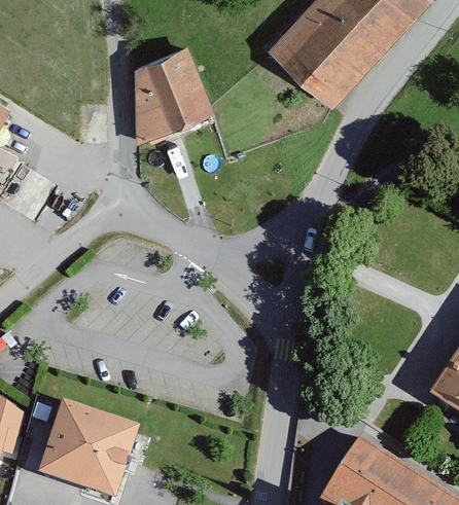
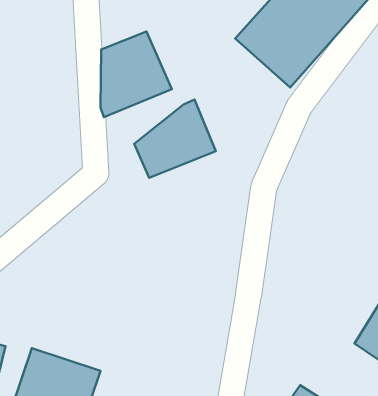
building: none -> [134,100,216,178]

